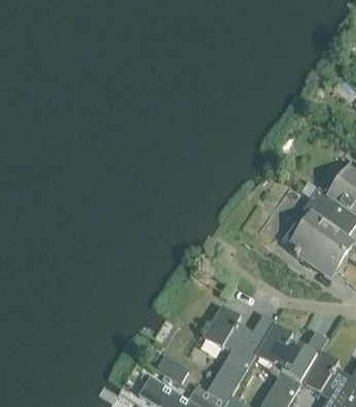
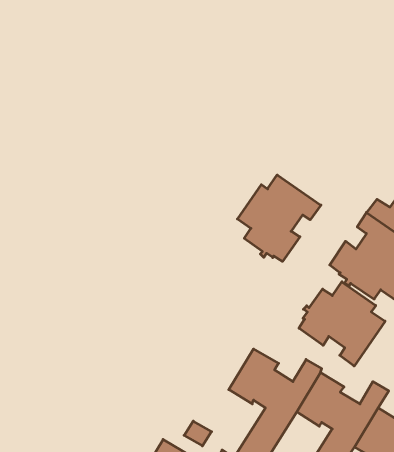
building: none -> [237,175,321,261]
building: none -> [299,282,385,366]

